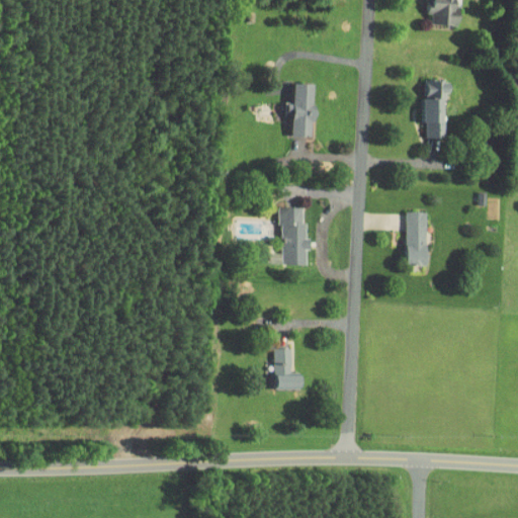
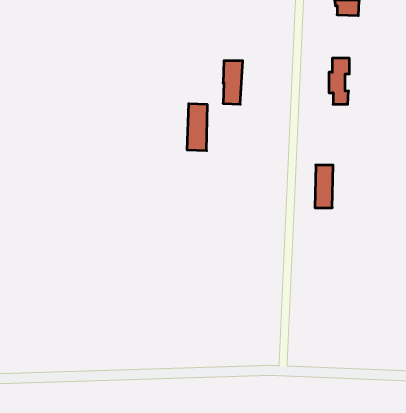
building: [281,207,307,265] -> [187,104,207,151]
building: [273,348,298,390] -> none

